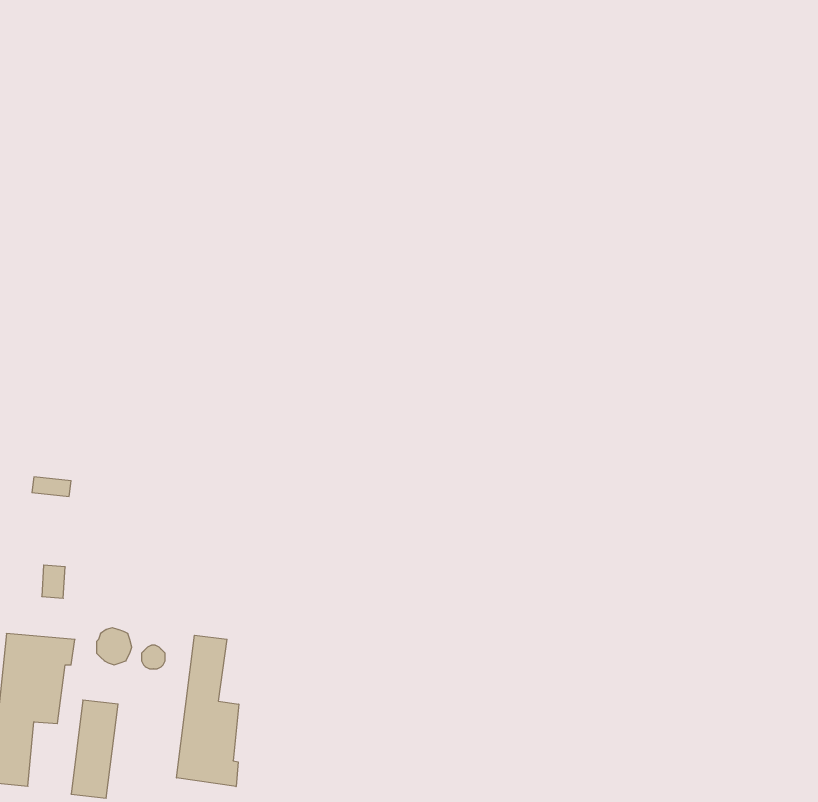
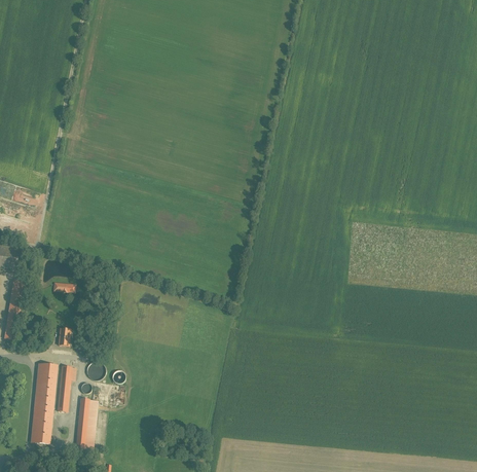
building: [177,635,239,787] -> none

